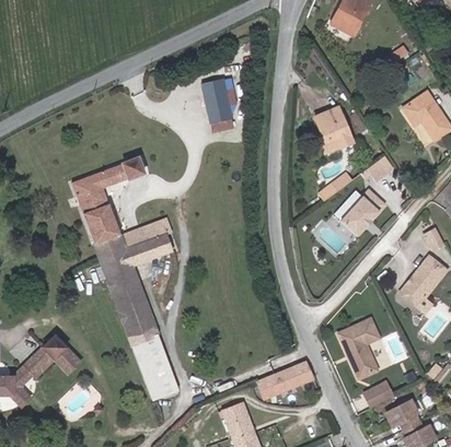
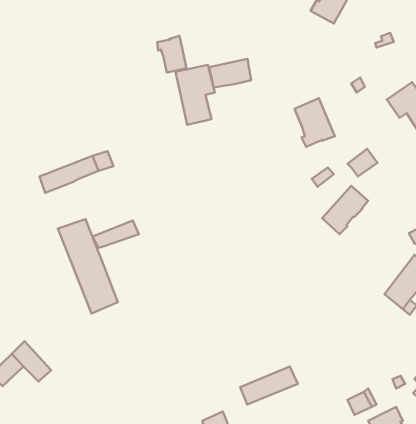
building: none -> [157,36,187,72]
building: none -> [209,59,251,88]
building: [77,186,115,230] -> none
building: [127,235,171,266] -> none
building: [120,299,181,400] -> none
building: [336,317,378,378] -> none

